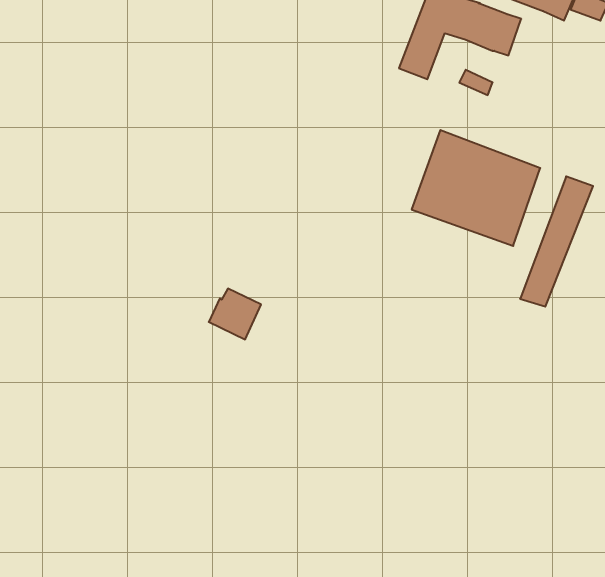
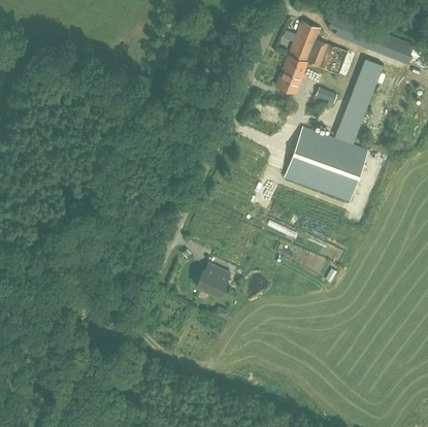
building: [520,176,593,307] -> [335,59,383,143]
building: [209,289,261,339] -> [195,264,229,297]

